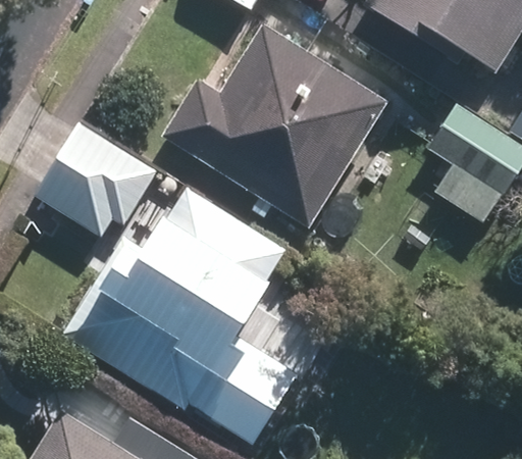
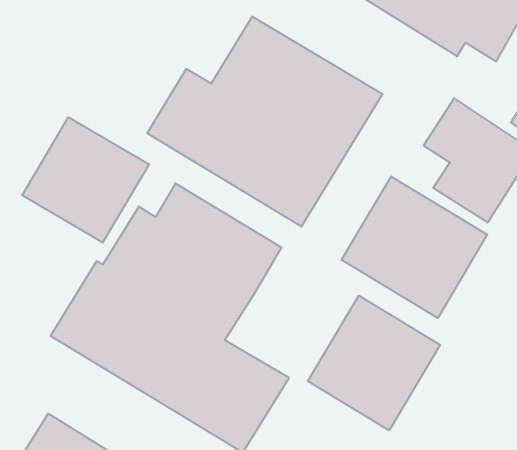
building: none -> [342,176,487,318]
building: none -> [308,296,440,430]

